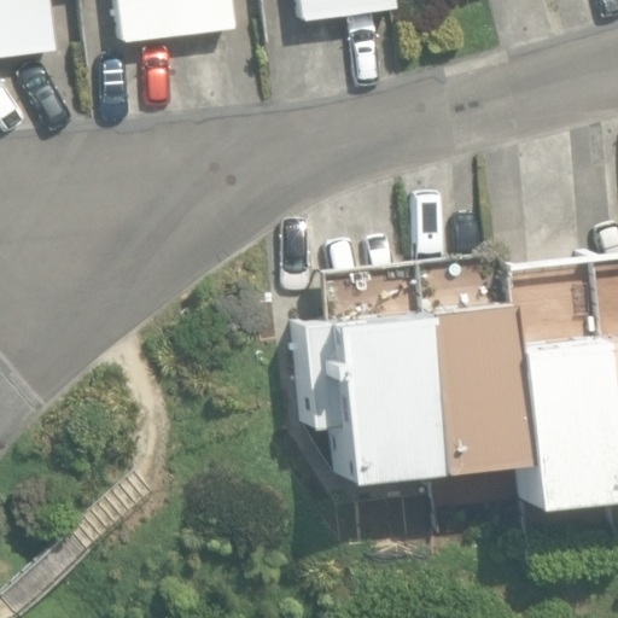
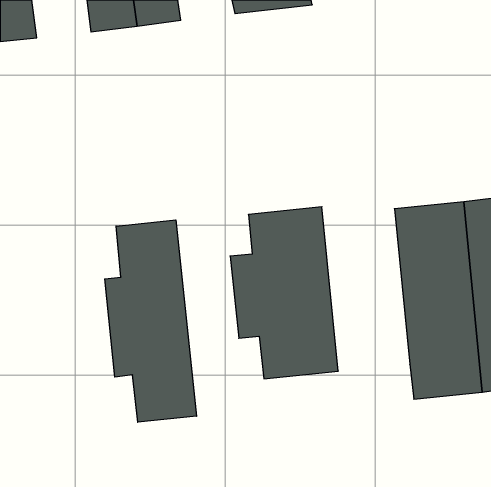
building: [406,258,515,472] -> none
building: none -> [105,220,197,422]

